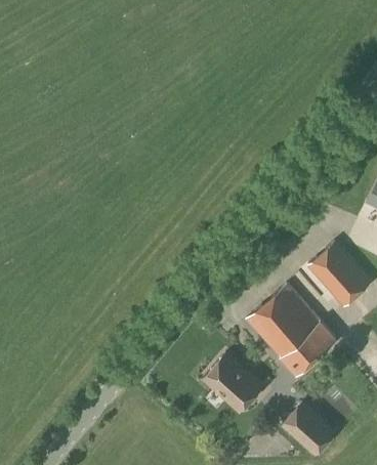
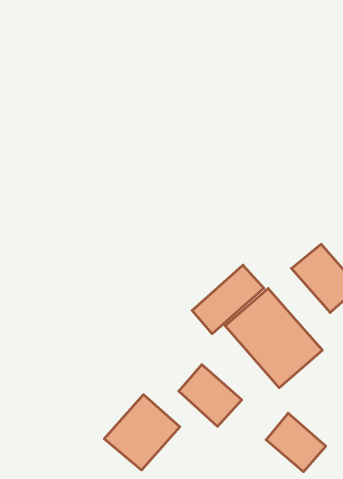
building: none -> [192,265,264,334]
building: none -> [104,395,180,470]

